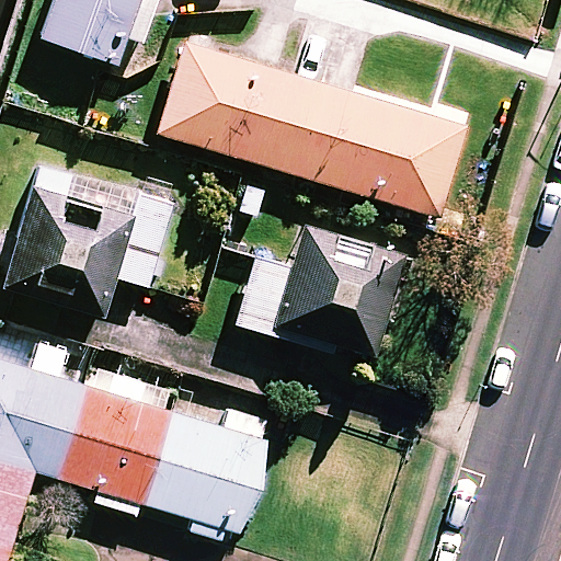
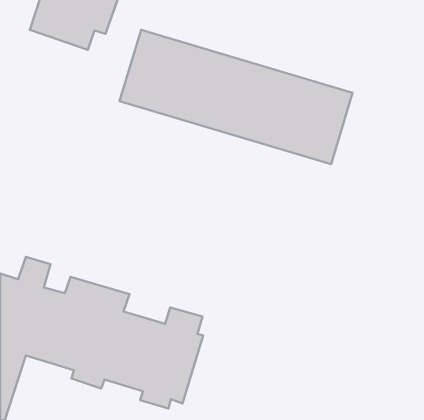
building: [5,164,171,316] -> none
building: [236,226,404,357] -> none

